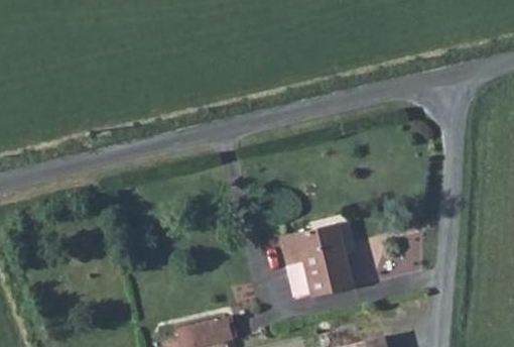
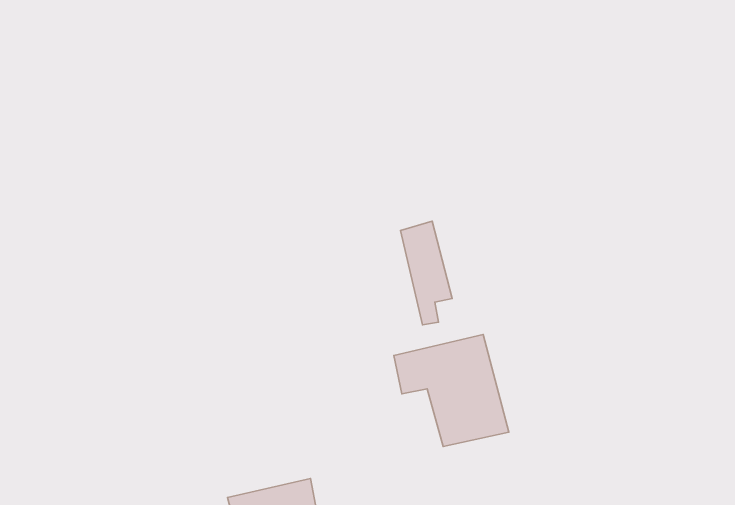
building: none -> [401,221,452,325]

